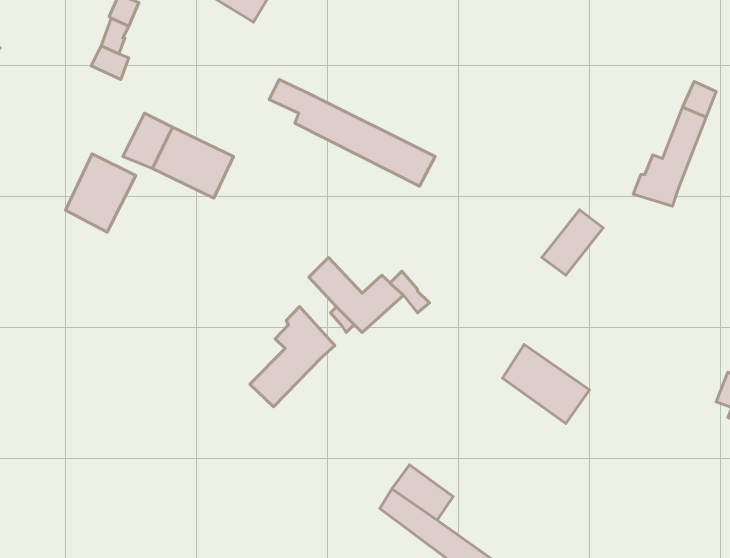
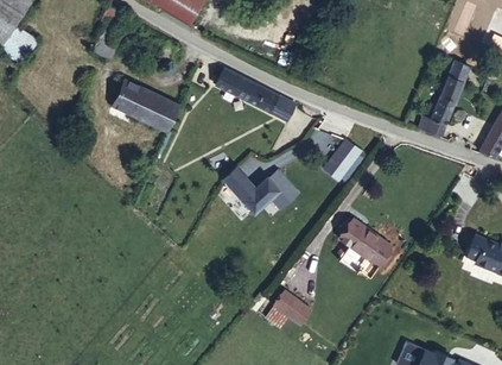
building: [66,154,136,232] -> none
building: [542,210,603,275] -> [324,139,361,178]
building: [250,306,335,407] -> none

